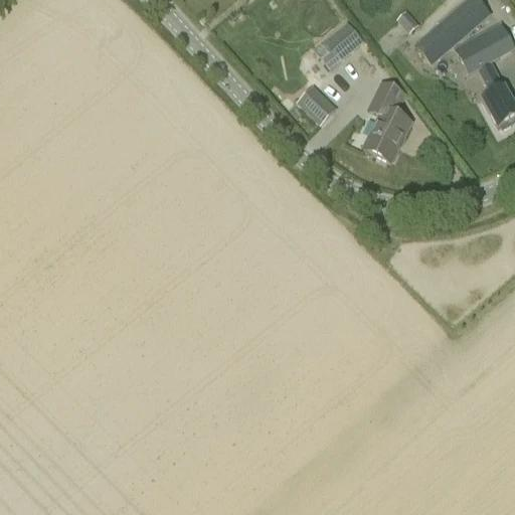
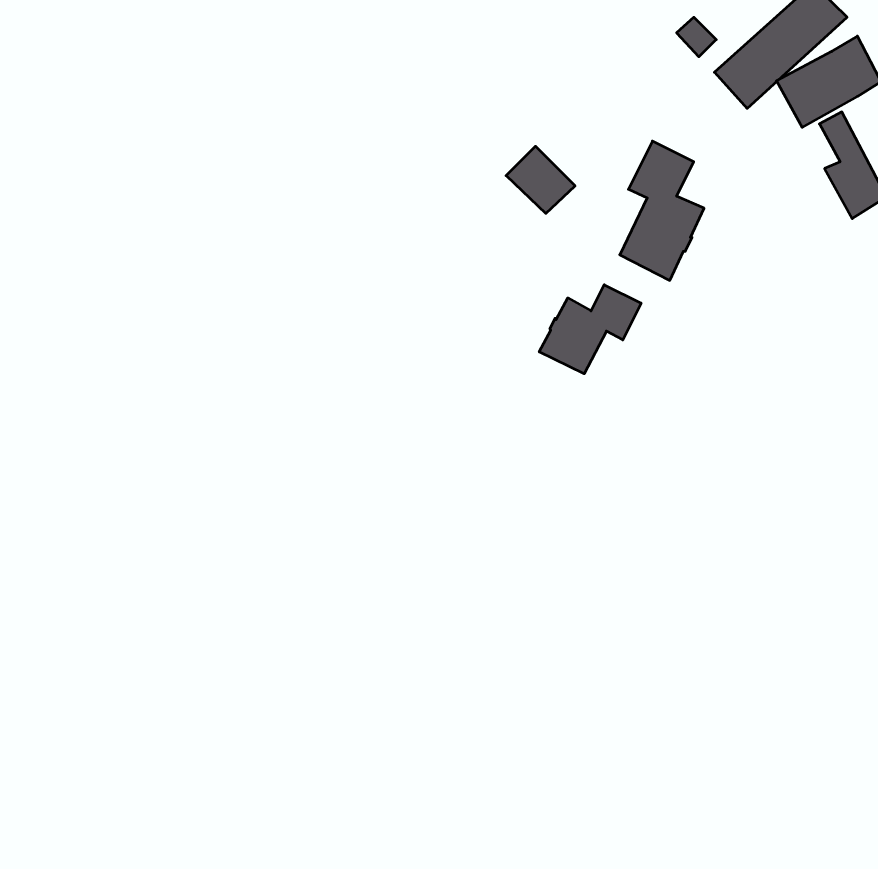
building: [313,21,363,69] -> none
building: none -> [539,285,641,374]

